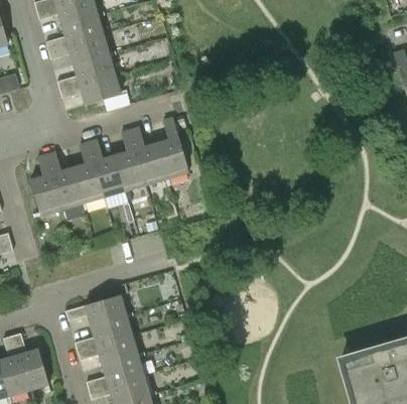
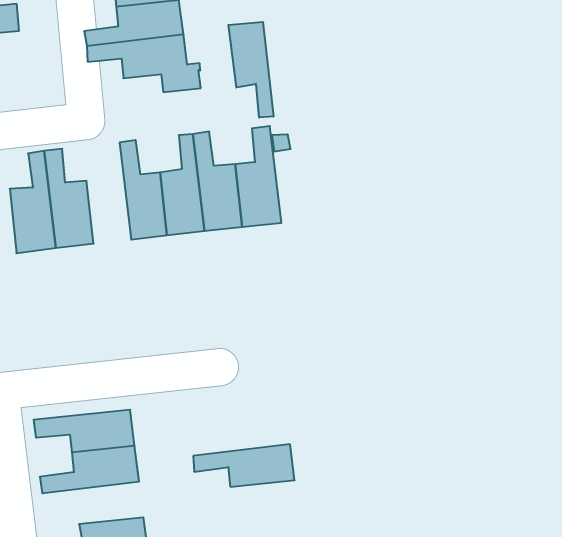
building: none -> [228,22,273,118]
building: [73,142,104,203] -> none
building: [78,334,138,365] -> [193,444,295,487]

